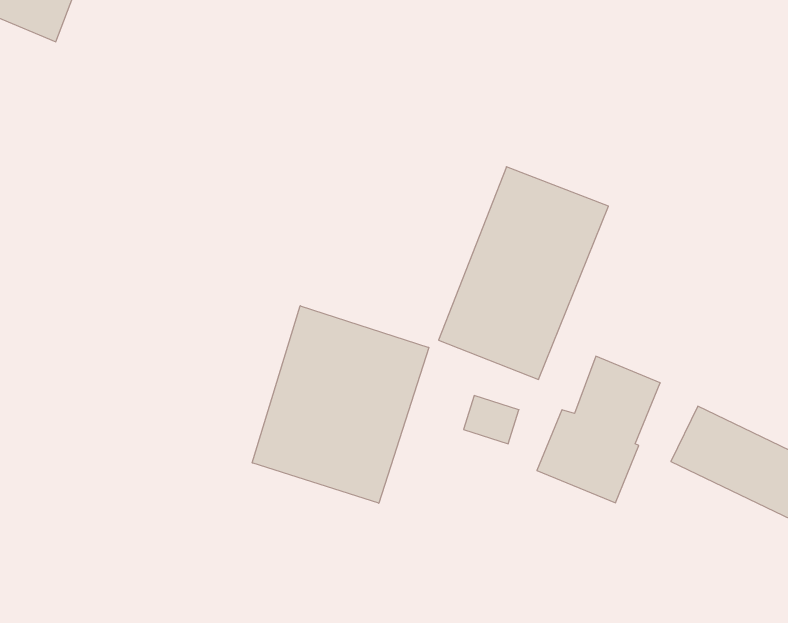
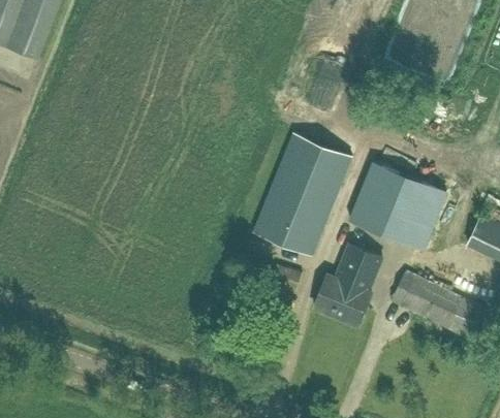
building: none -> [348,164,439,248]
building: [252,306,429,503] -> none

